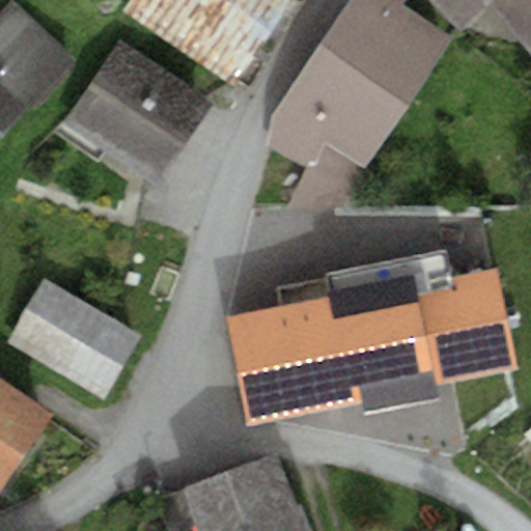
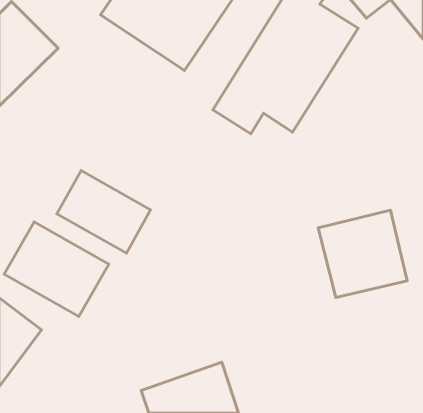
building: [65,41,211,184] -> none
building: none -> [57,171,151,253]
building: [228,284,419,410] -> none

